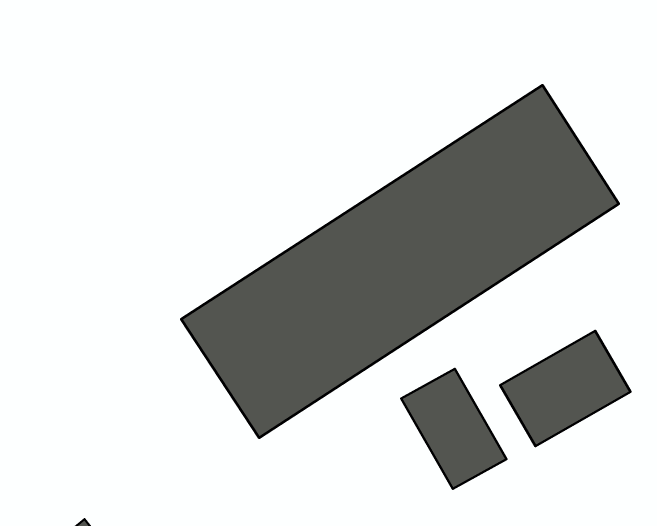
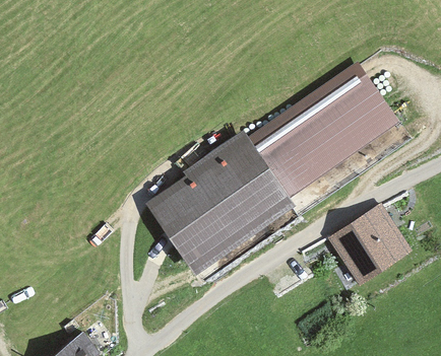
building: [401,369,506,489] -> none

